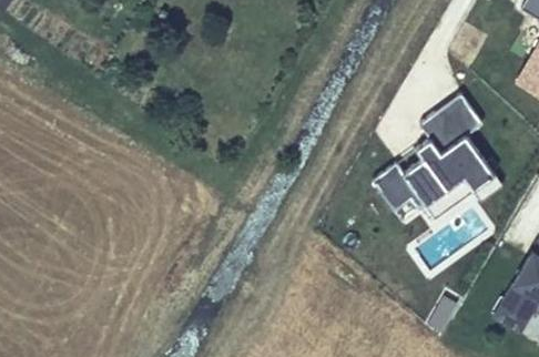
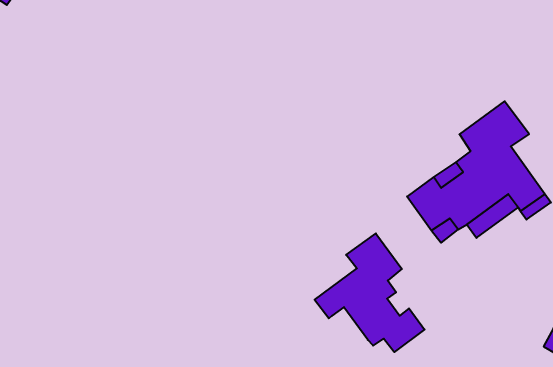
building: none -> [315,233,425,352]

